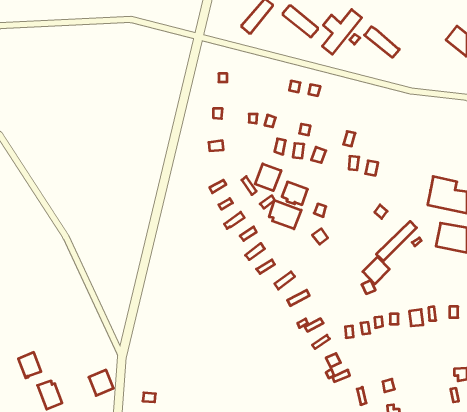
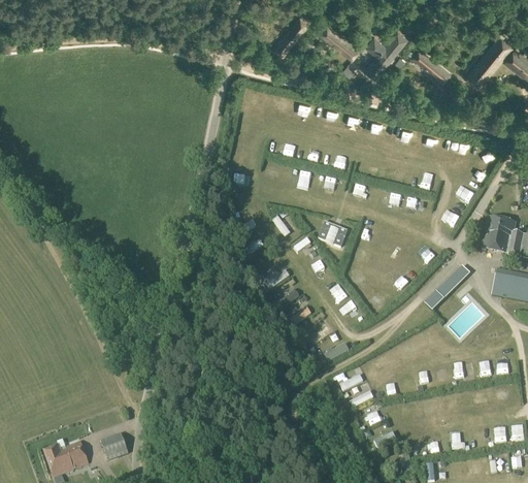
building: none -> [466,34,513,85]
building: [255,164,281,191] -> none
building: [269,200,301,229] -> none
building: [363,257,389,284] -> none
building: [18,352,41,378] -> [62,442,88,471]

